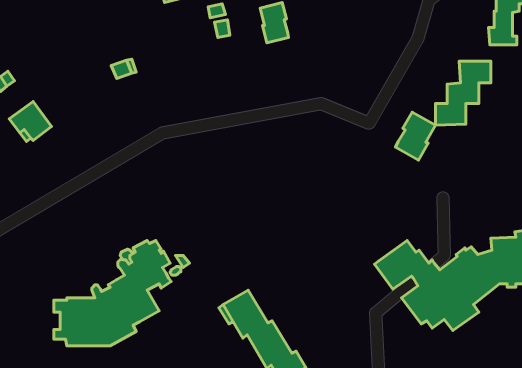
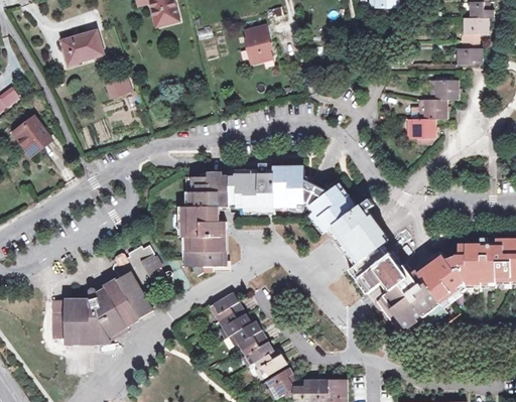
building: none -> [61,30,103,63]
building: [395,112,435,160] -> none
building: none -> [182,163,387,275]

